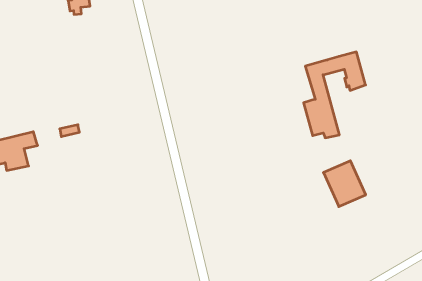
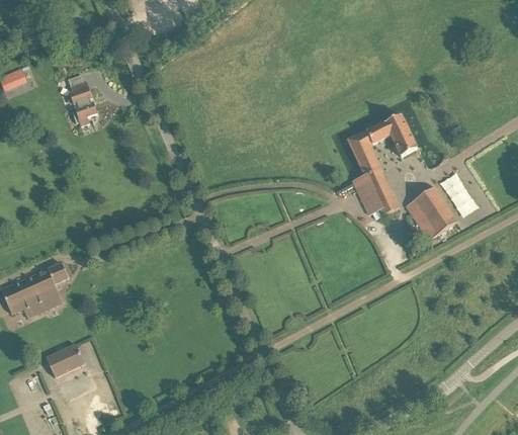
building: [323,161,366,207] -> [407,187,457,240]
building: none -> [47,344,85,377]

